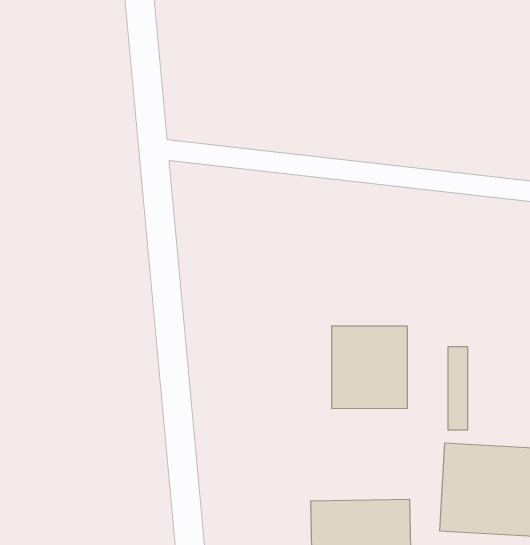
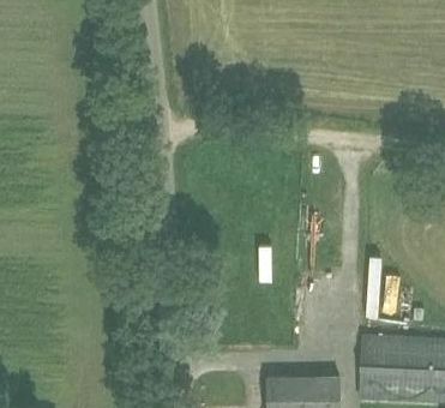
building: [332,326,407,409] -> none

